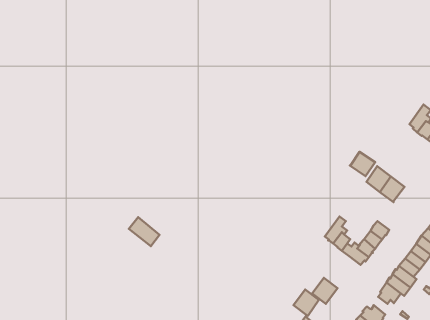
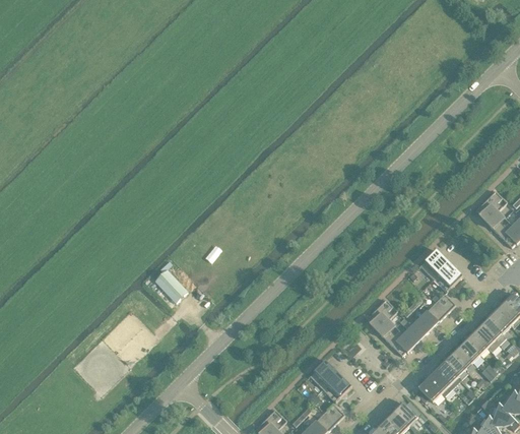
building: [350,152,375,176] -> none
building: none -> [427,293,455,321]
building: [312,278,337,304] -> [309,360,337,388]

